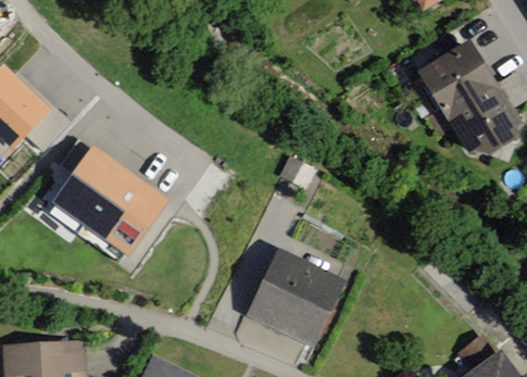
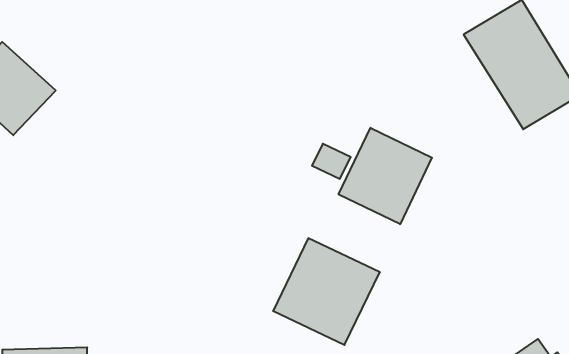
building: none -> [339,128,432,224]
building: [51,150,168,261] -> none

